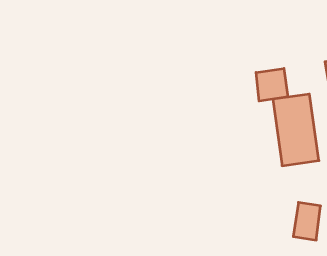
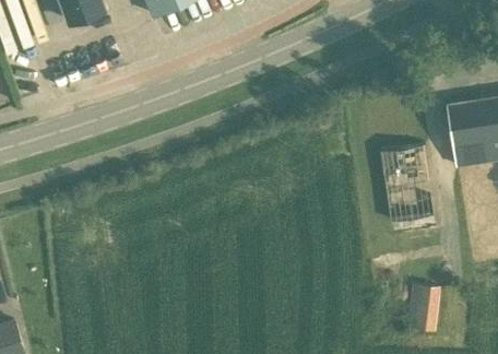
building: [256,68,288,101] -> none

